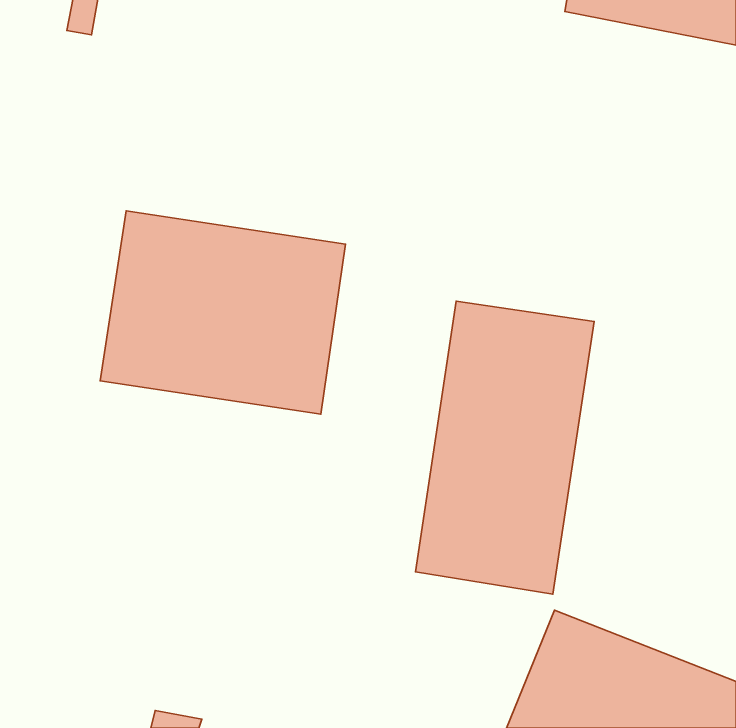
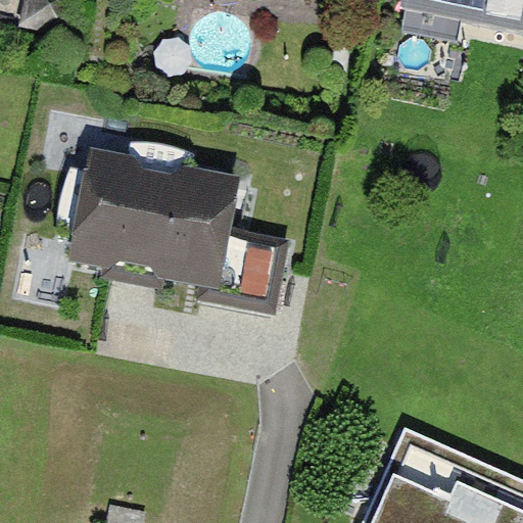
building: [415,301,594,594] -> none

